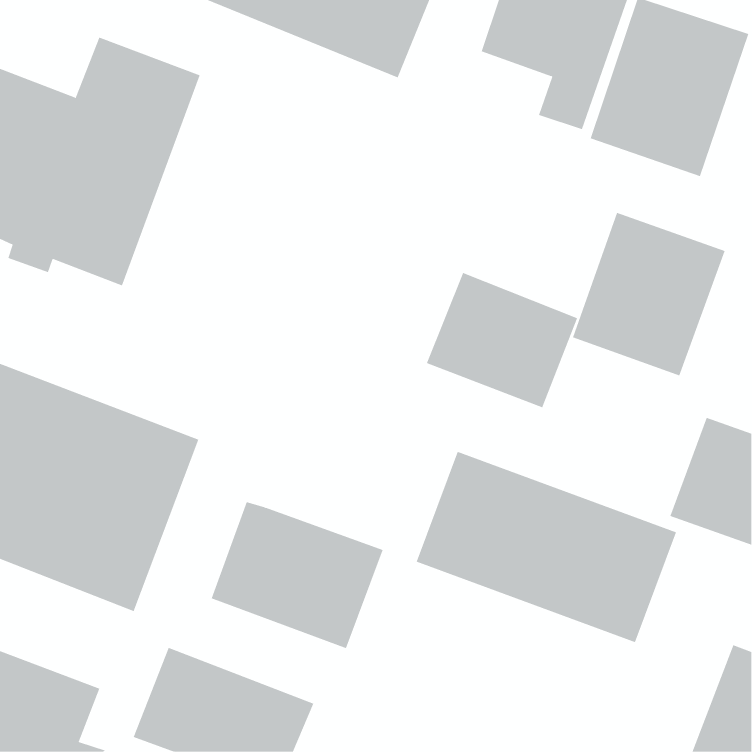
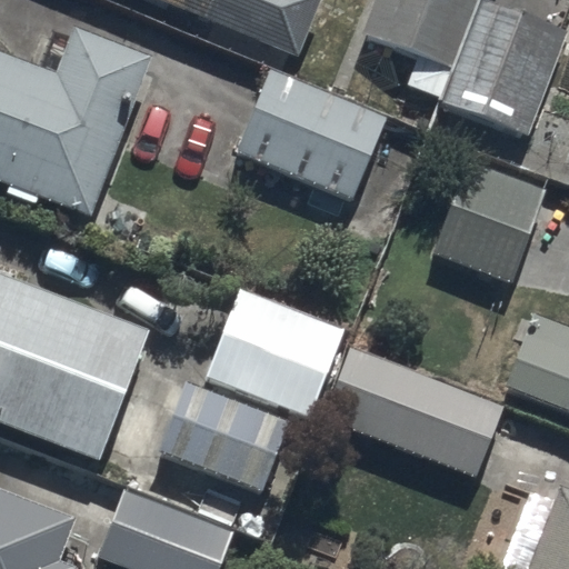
building: none -> [236,70,387,201]
building: [426,272,578,408] -> none
building: none -> [200,289,347,423]

